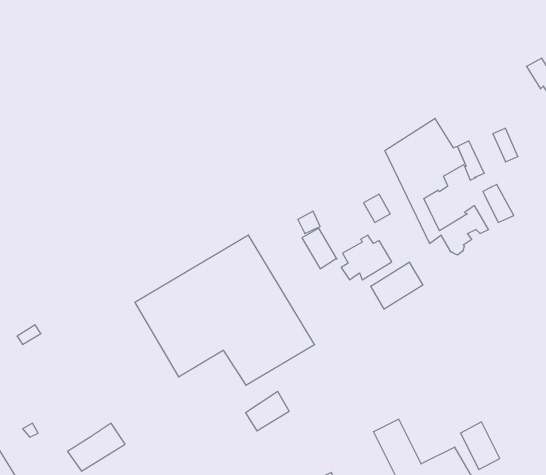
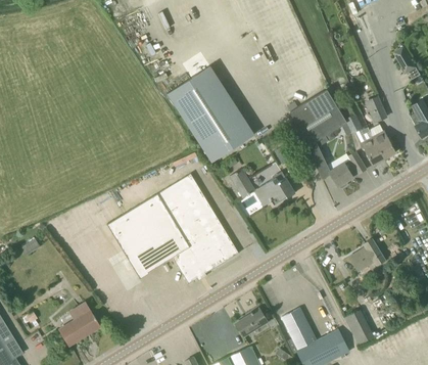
building: none -> [167,65,254,163]
building: none -> [371,131,395,159]
building: [371,262,423,309] -> none
building: none -> [349,239,385,272]
building: [246,392,289,431] -> [235,308,267,336]

